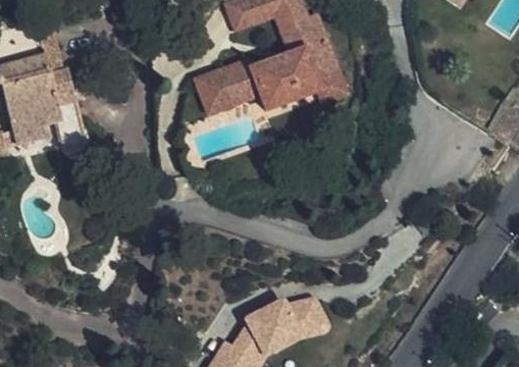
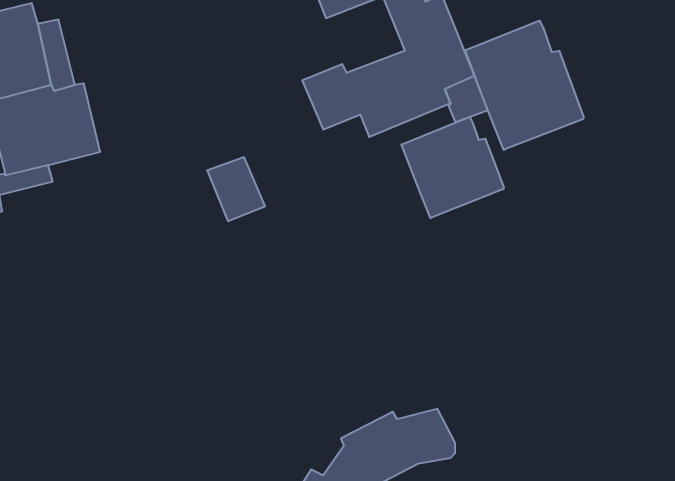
building: none -> [465,21,584,150]
building: [194,73,233,117] -> [207,157,265,221]
building: none -> [401,117,504,218]

